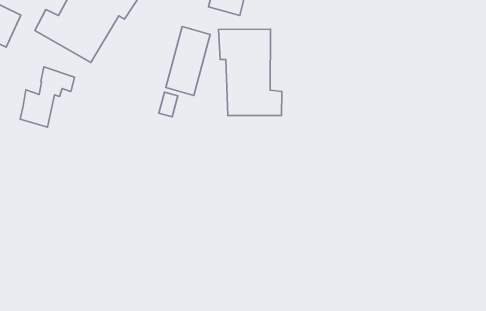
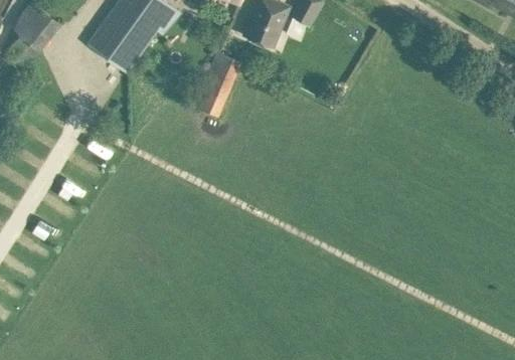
building: [218,29,282,116] -> none
building: [20,67,75,127] -> none

